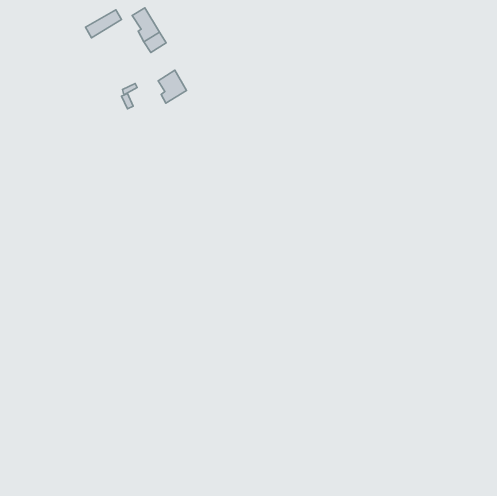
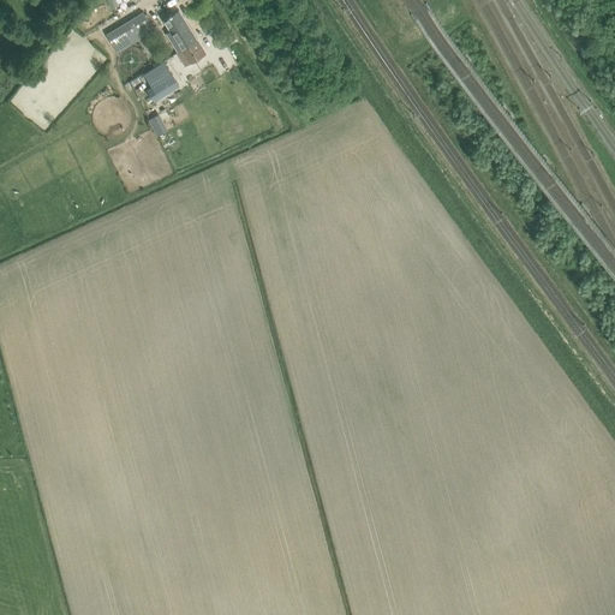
building: [158,70,186,103] -> [143,61,178,102]

